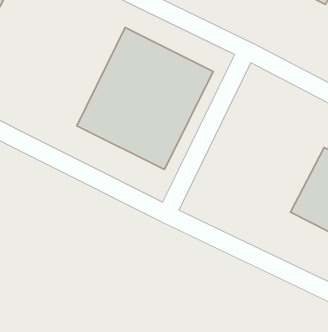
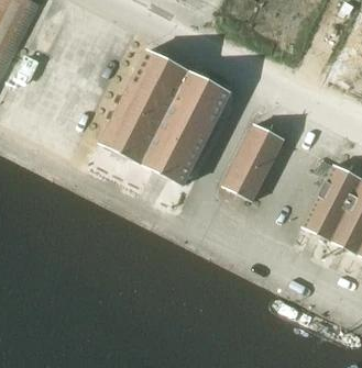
building: none -> [222,123,284,200]

